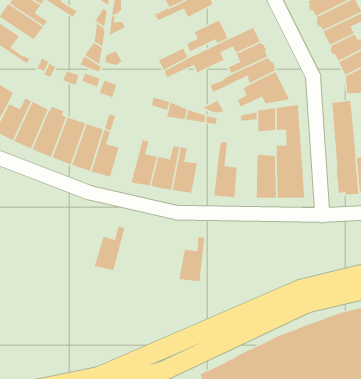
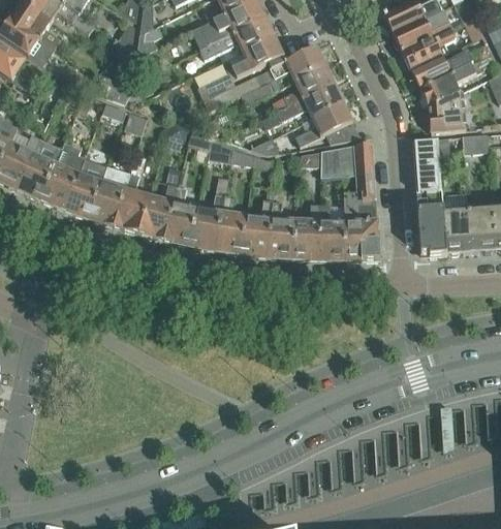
building: none -> [199,18,275,58]
building: none -> [293,204,320,259]
building: [94,226,125,272] -> [138,183,178,240]
building: [178,236,205,282] -> [240,199,273,256]

